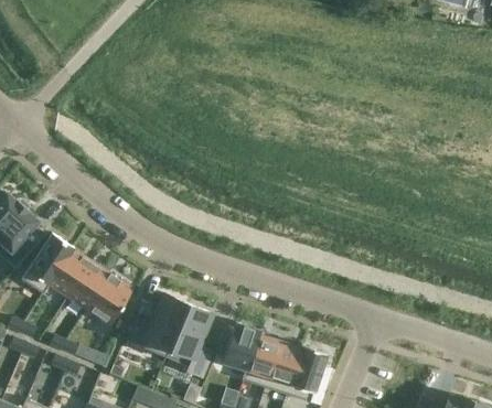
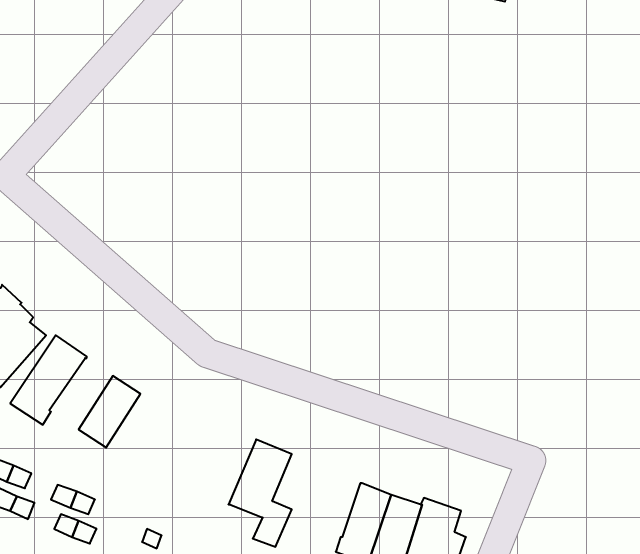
building: [49,249,92,298] -> none
building: [87,273,133,325] -> none
building: [127,294,189,358] -> none
building: [222,322,261,371] -> none

